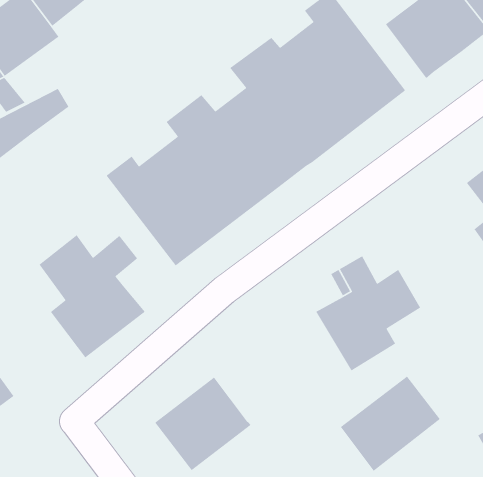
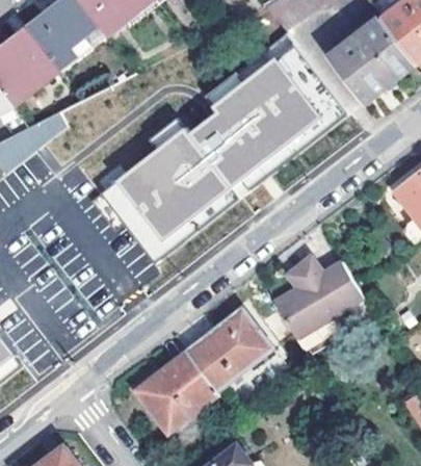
building: [38,234,146,358] -> none
building: [340,376,441,472] -> [186,309,270,389]

